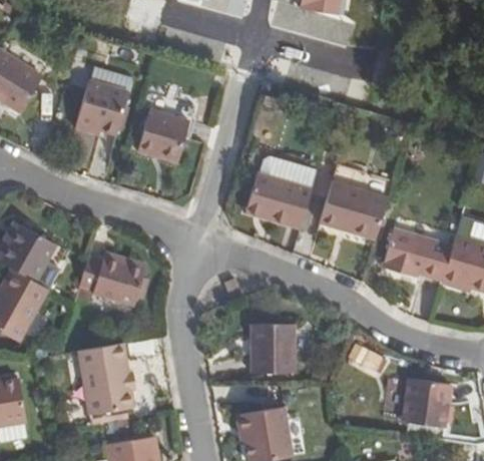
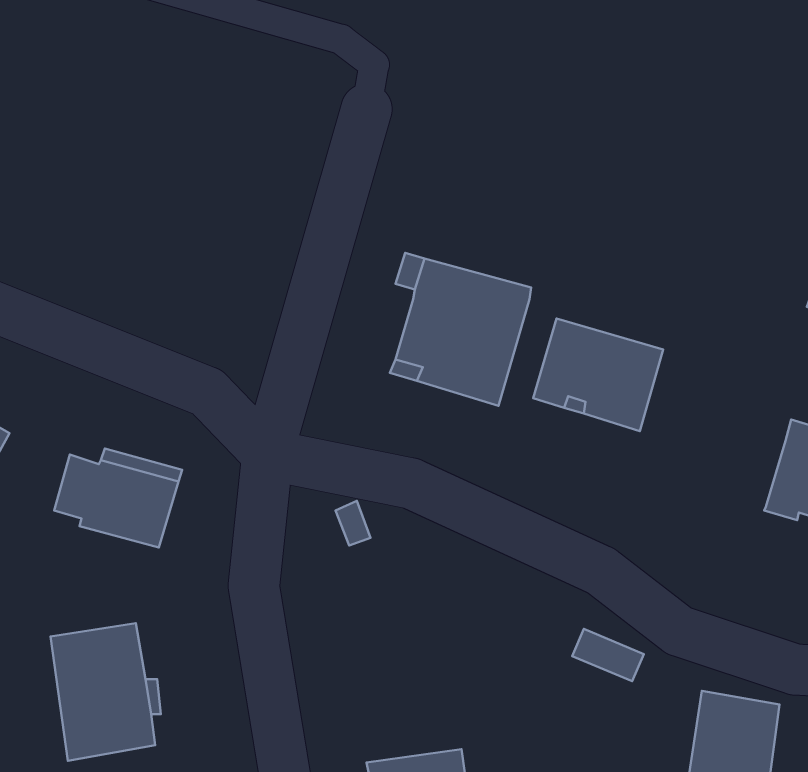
building: [72,80,124,132] -> none
building: [135,106,187,159] -> none
building: [386,229,455,282] -> none
building: [255,323,297,372] -> none

